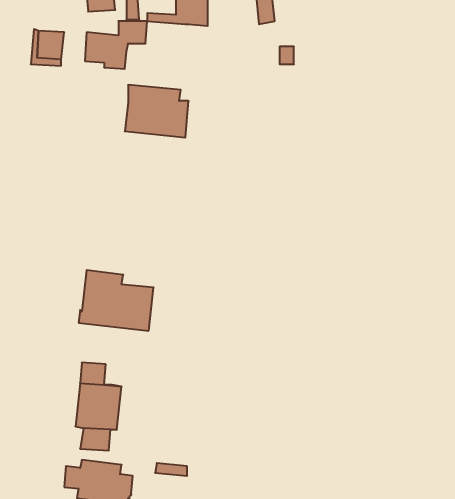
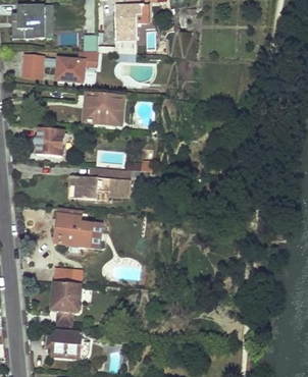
building: none -> [35,127,63,156]
building: none -> [69,167,131,199]

